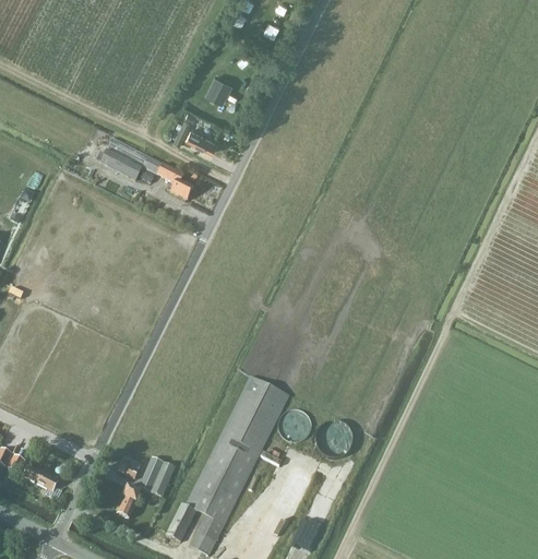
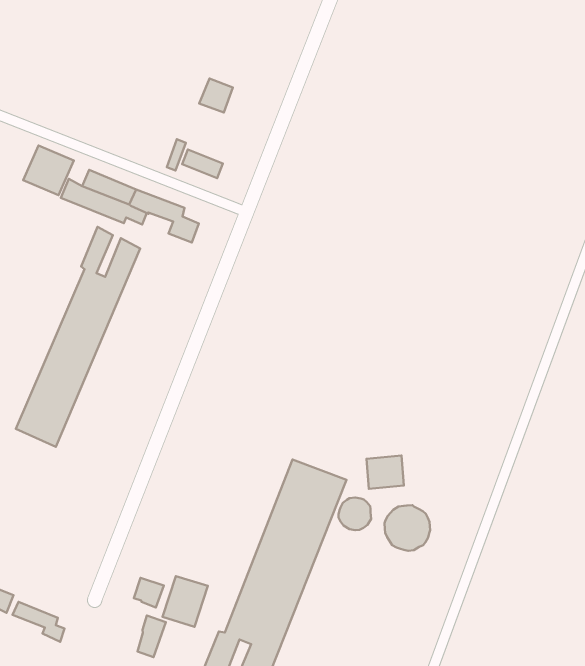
building: none -> [23,145,74,195]
building: none -> [16,227,140,447]
building: none -> [367,455,404,489]

